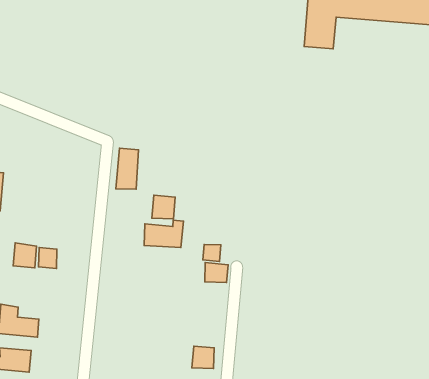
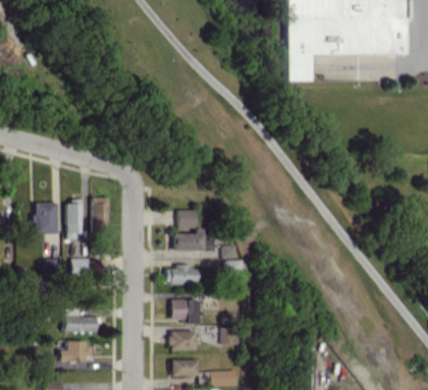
building: [116,148,138,189] -> [93,197,109,229]
building: none -> [67,201,82,238]
building: none -> [167,266,198,284]
building: none -> [172,299,199,324]
building: none -> [170,330,197,349]

